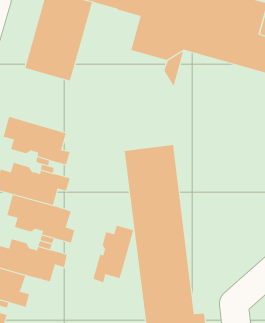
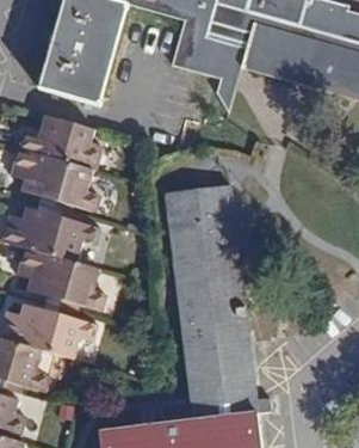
building: none -> [19,115,100,170]
building: [93,225,134,283] -> none

